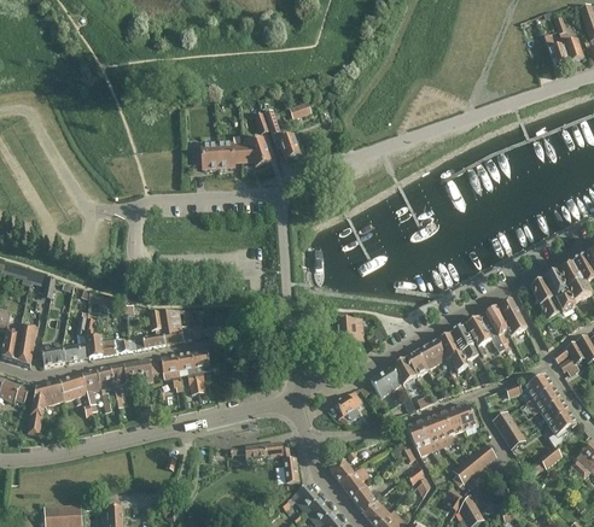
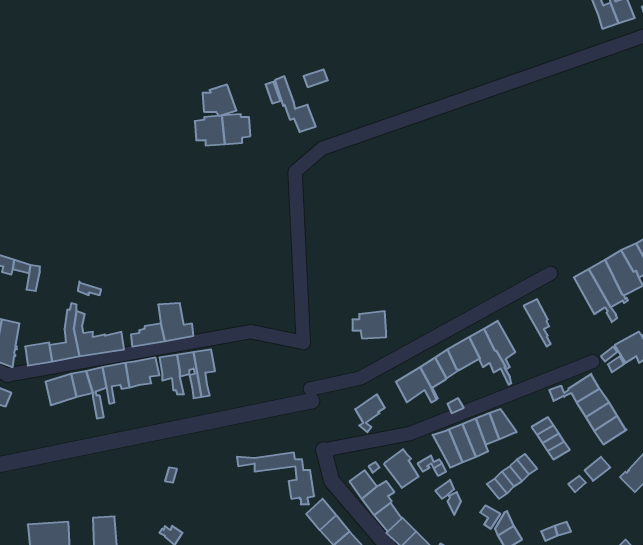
building: [240,137,270,165] -> [203,85,237,116]
building: [496,298,526,335] -> none
building: [464,312,508,356] -> none
building: [27,380,64,434] -> none
building: none -> [384,449,419,488]

